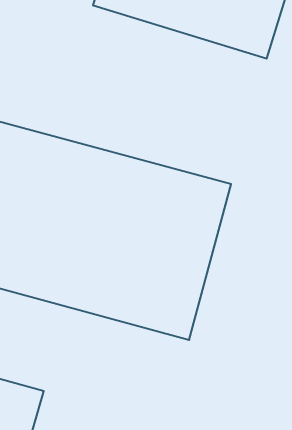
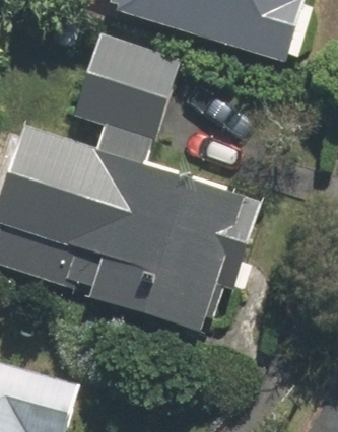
building: none -> [67,33,171,137]

